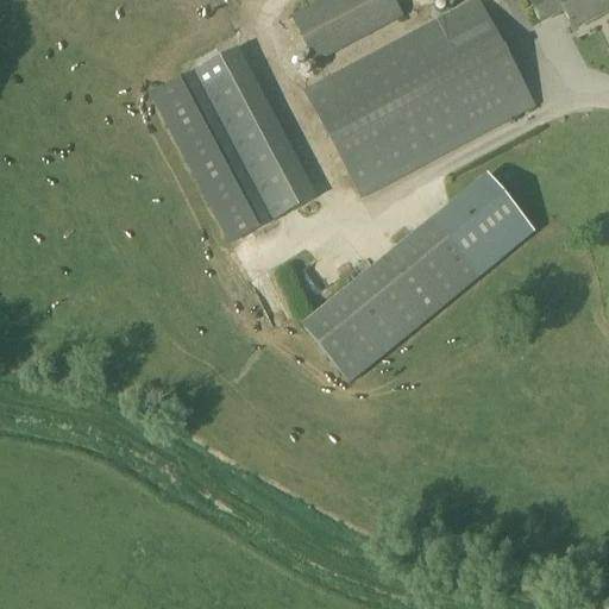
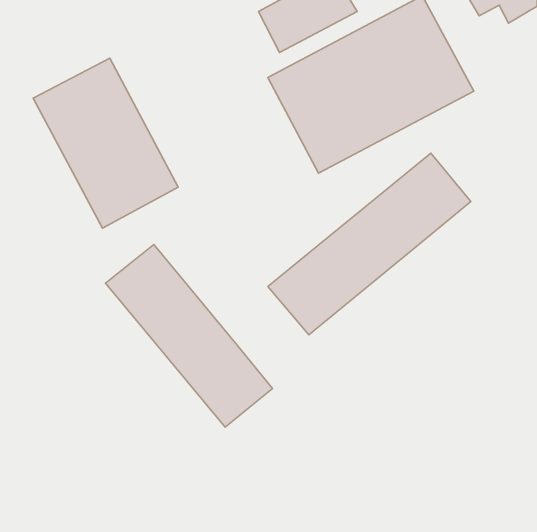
building: [151,49,315,241] -> [33,58,178,228]
building: none -> [105,244,273,427]

